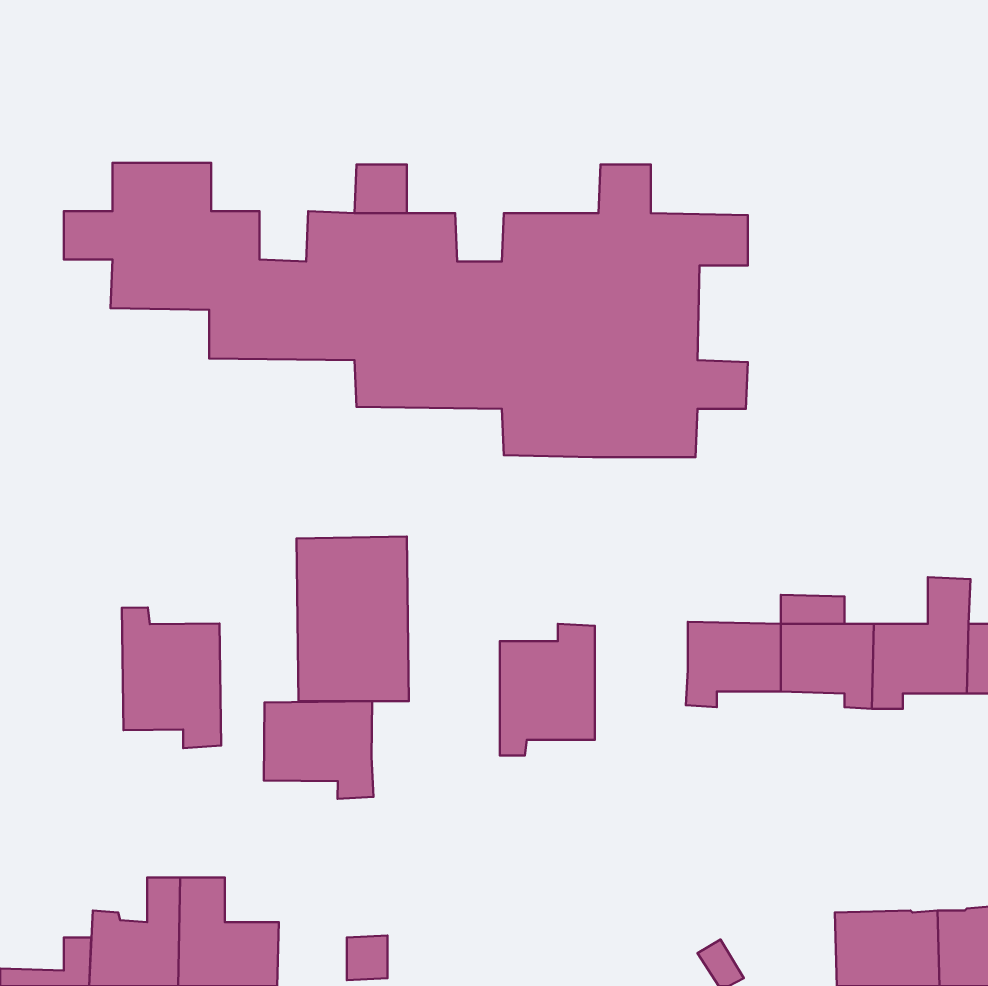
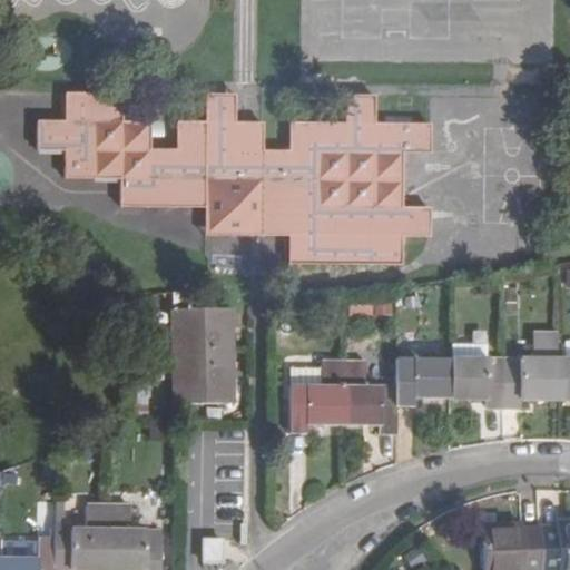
building: [122,608,221,748] -> none
building: none -> [343,360,396,435]
building: [264,701,373,799] -> none

